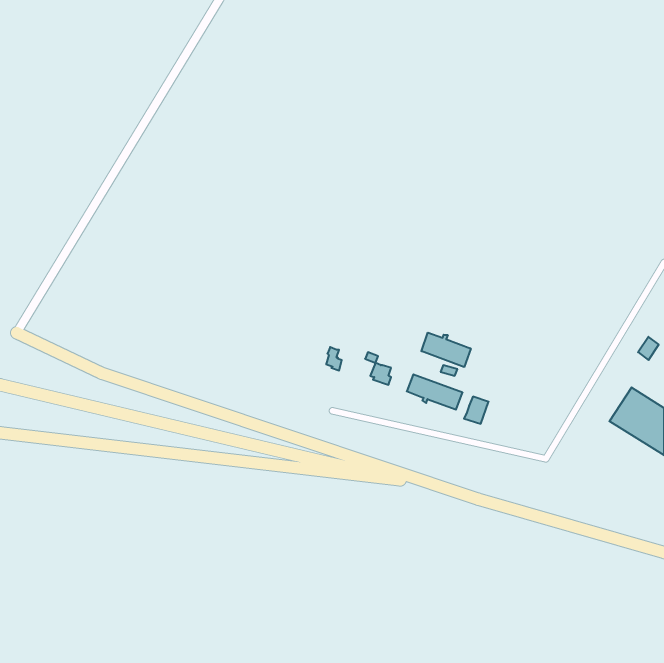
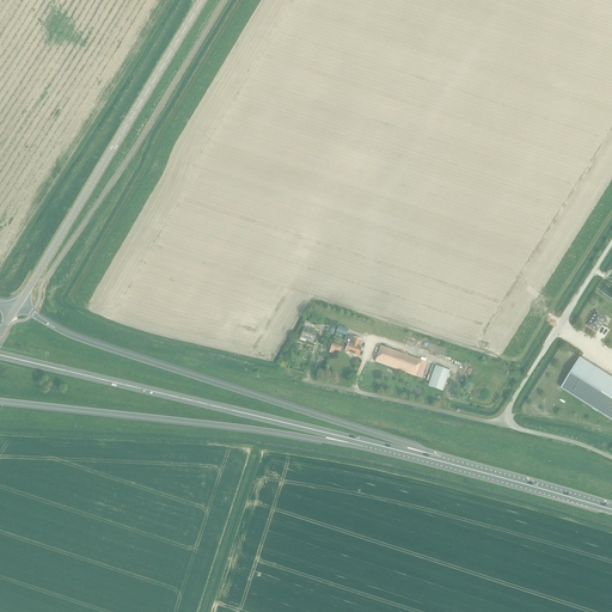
building: [421,333,471,367] -> none

